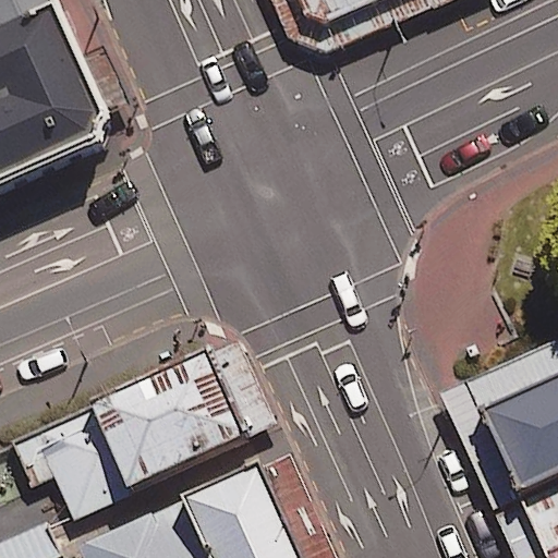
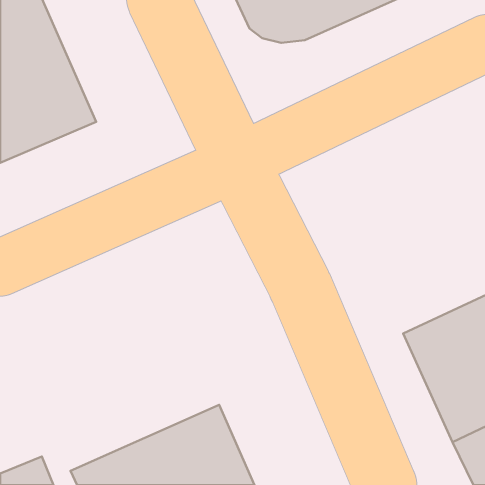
building: [8,352,243,514] -> none

